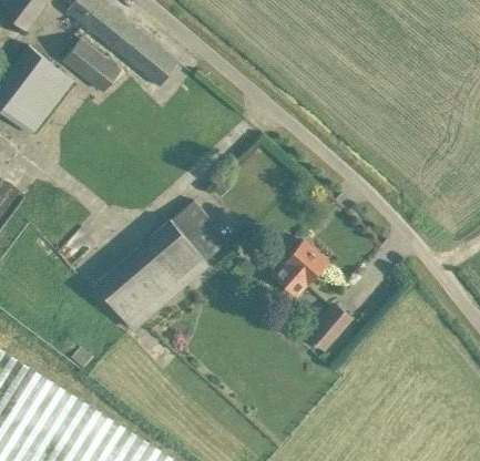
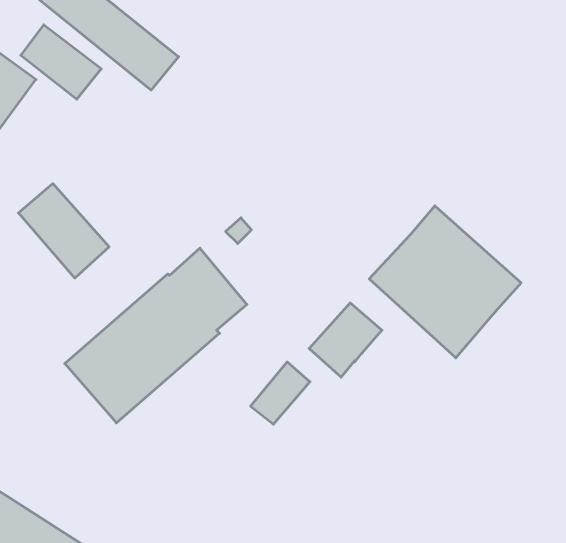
building: none -> [18,184,109,278]
building: none -> [369,206,521,358]
building: [307,304,350,349] -> [251,362,310,424]

